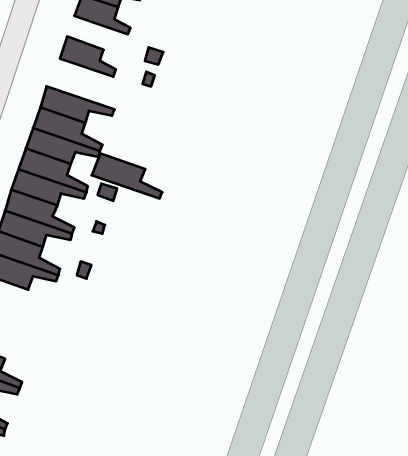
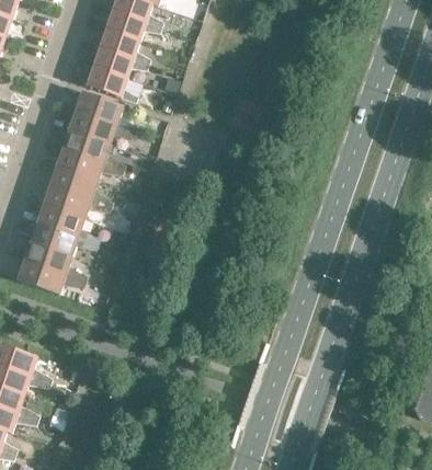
building: none -> [92,47,147,78]
building: [92,153,162,198] -> [73,91,137,131]

